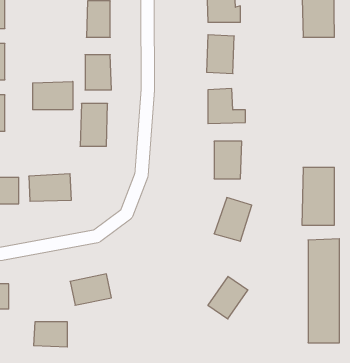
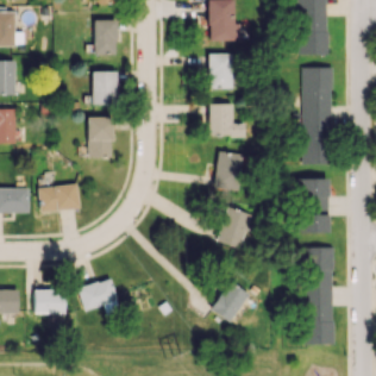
building: none -> [302,67,333,164]
building: [33,81,73,110] -> none
building: [34,322,67,347] -> [35,290,67,314]

